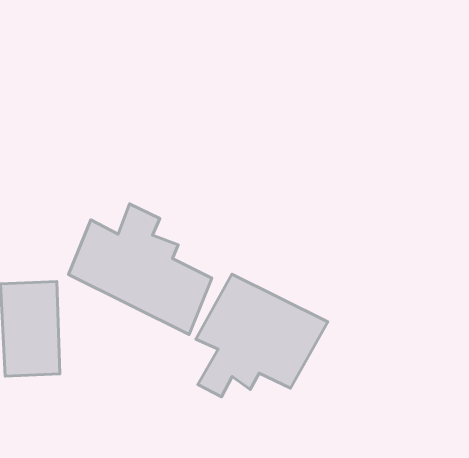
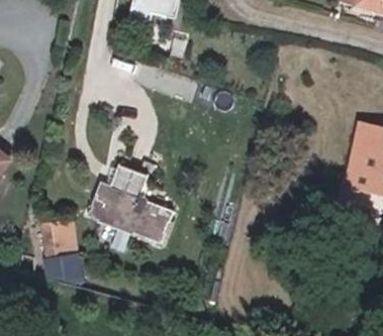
building: [196,274,328,397] -> none

